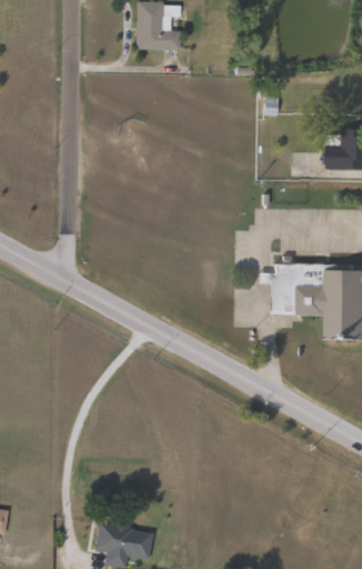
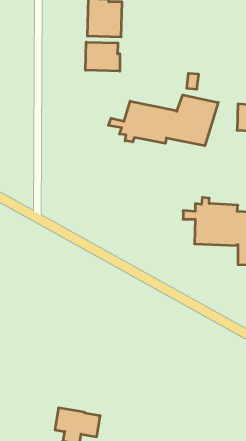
building: none -> [86,42,120,71]
building: none -> [108,95,218,146]

